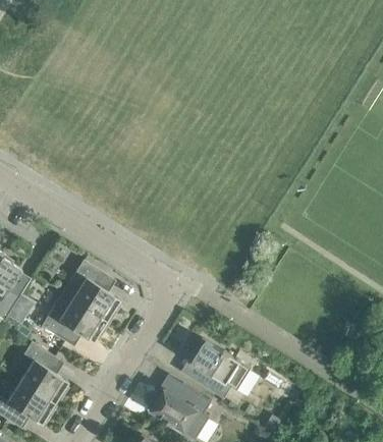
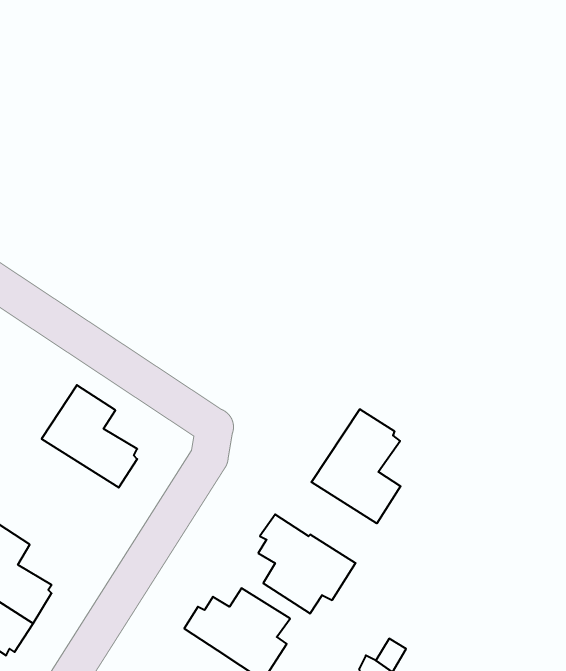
building: none -> [311,409,401,523]
building: [40,292,107,341] -> none

